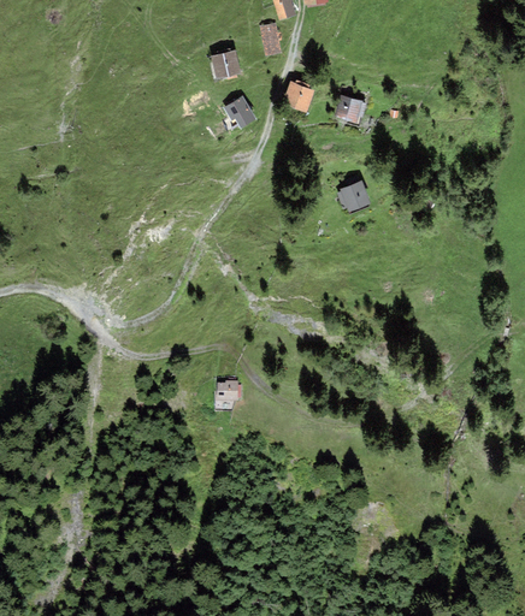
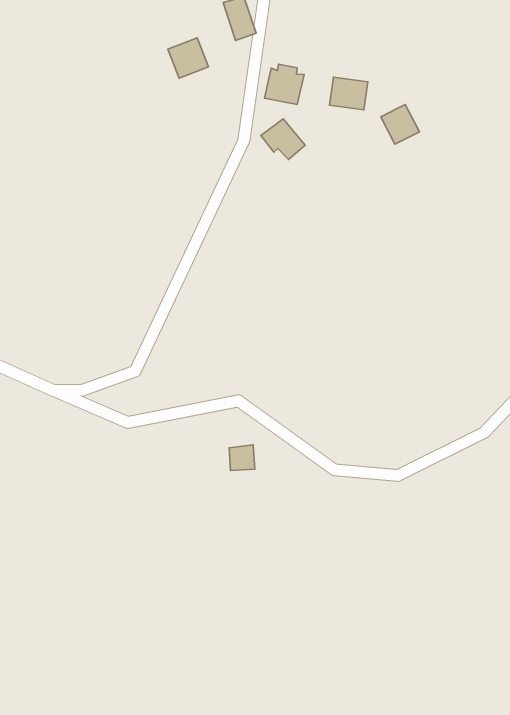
building: [223,95,256,128] -> [261,119,305,159]
building: [341,182,370,212] -> [381,105,419,144]

